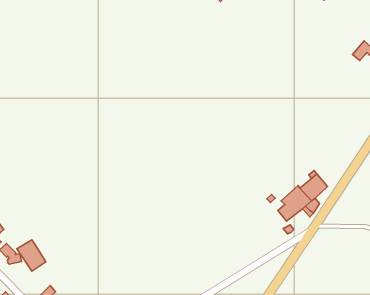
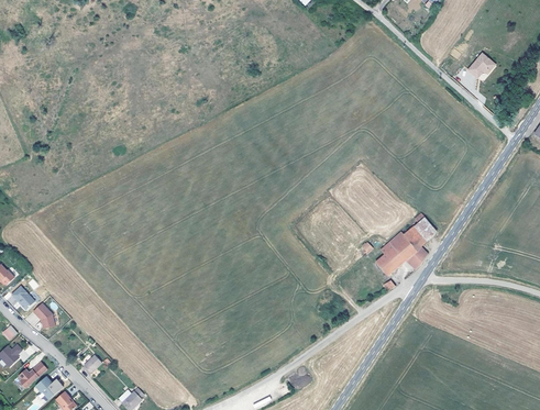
building: [17,240,46,271] -> none

